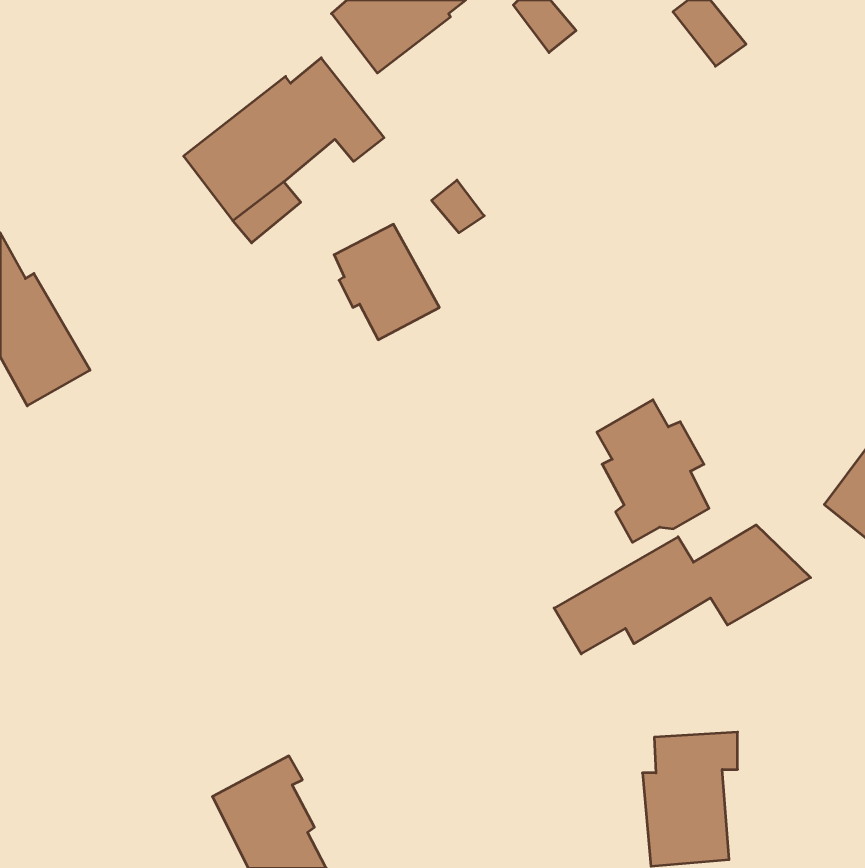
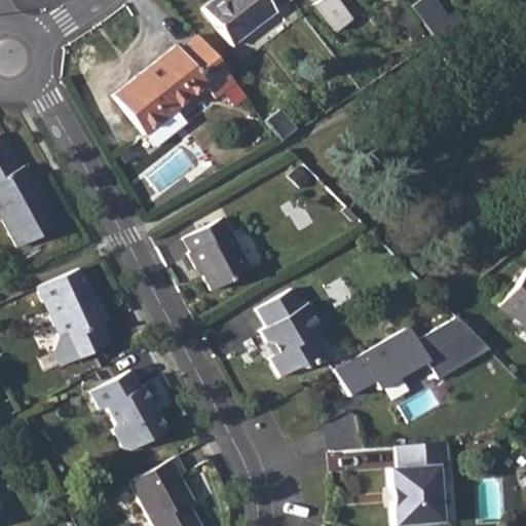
building: [334,224,439,340] -> [189,219,253,289]
building: [597,400,709,542] -> [260,288,328,374]
building: none -> [38,267,110,365]
building: none -> [91,371,165,448]

